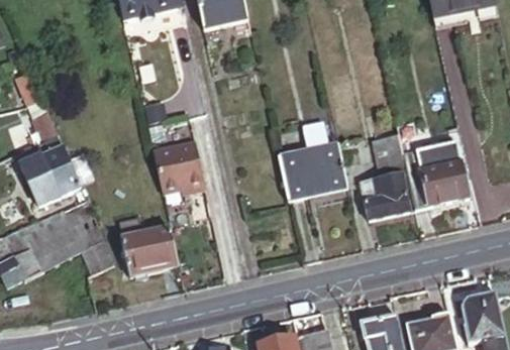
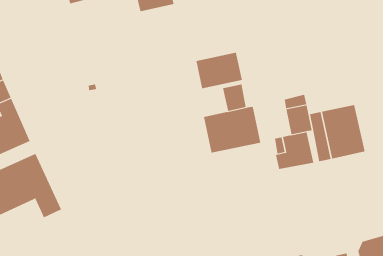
building: none -> [196,52,243,89]
building: [152,141,204,192] -> none
building: [119,225,179,276] -> none

